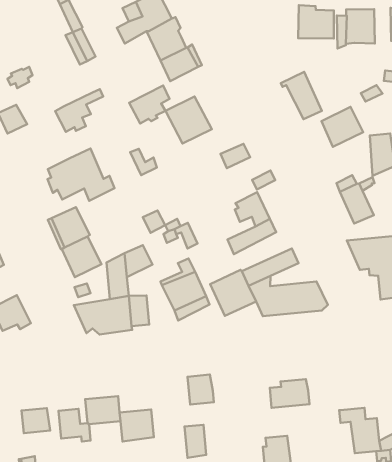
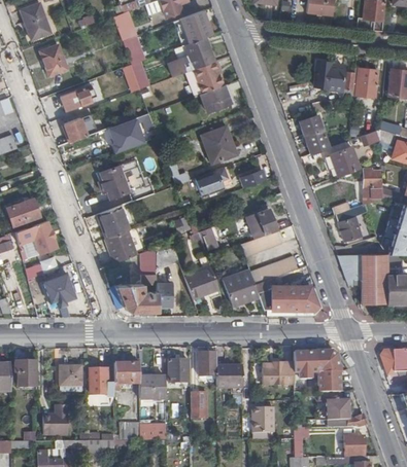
building: [129,86,169,123] -> [196,167,229,195]
building: none -> [294,351,340,391]
building: none -> [169,359,190,381]
building: none -> [217,365,242,387]

